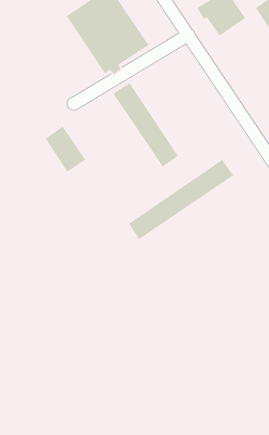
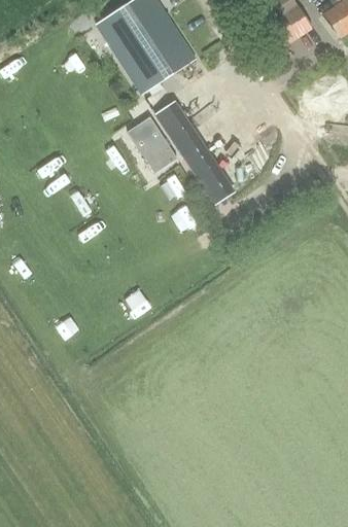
building: [45,125,86,173] -> [130,114,179,171]
building: [128,159,234,240] -> none

